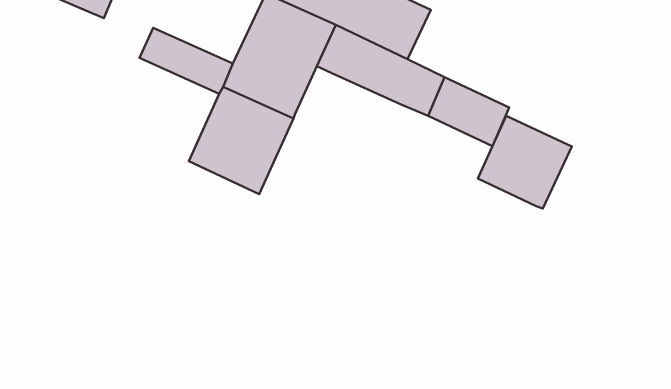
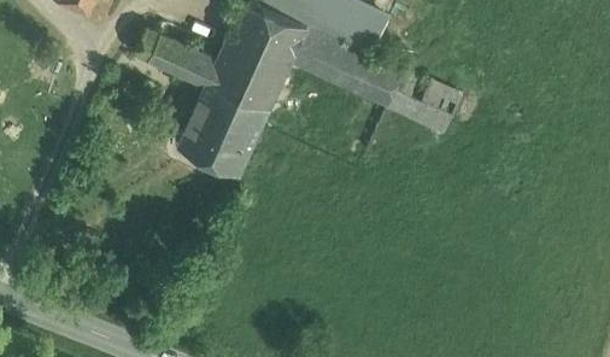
building: [478,116,572,208] -> none

